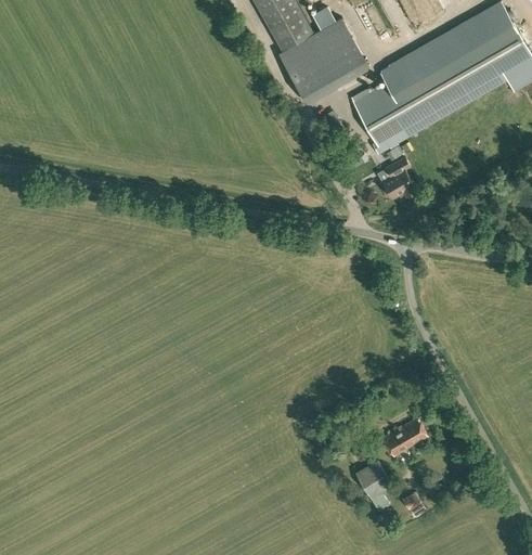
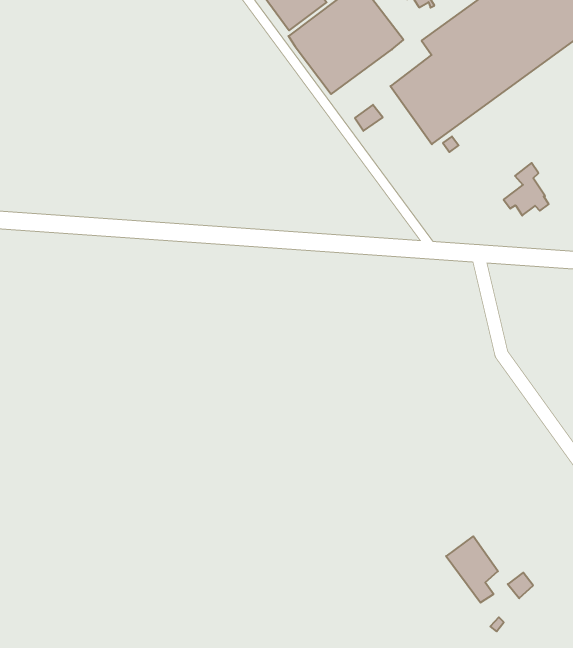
building: [379,157,414,197] -> [504,163,549,216]
building: [382,417,427,456] -> none

